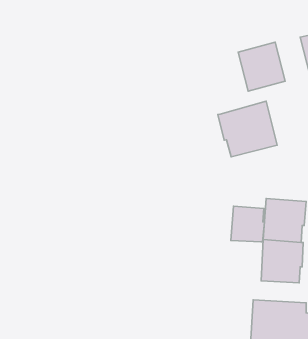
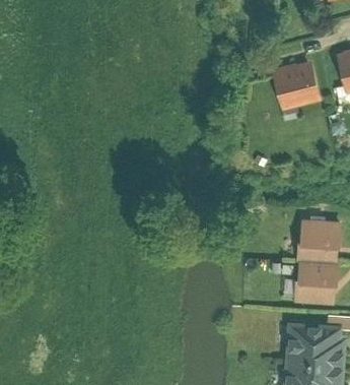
building: [218,101,277,157] -> none
building: [231,206,264,242] -> none

